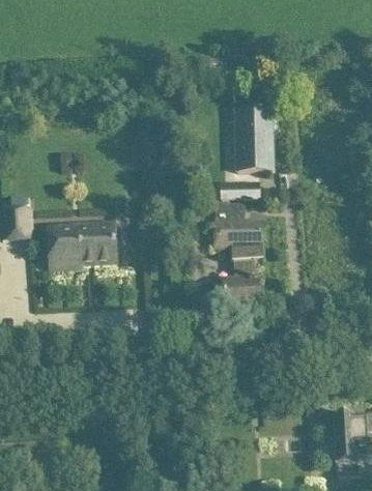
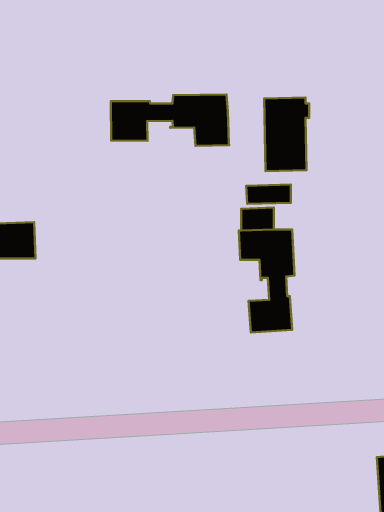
building: none -> [111,94,229,146]
building: [49,222,118,267] -> none

